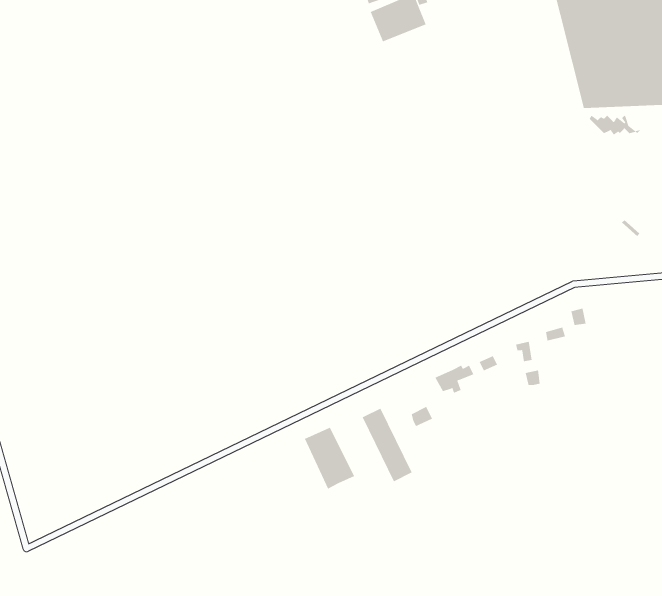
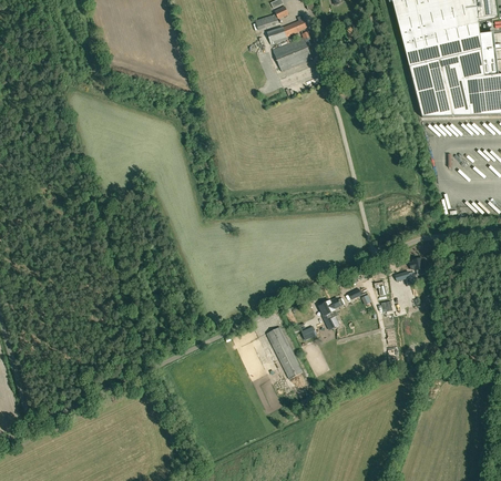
building: [304,427,355,489] -> none

